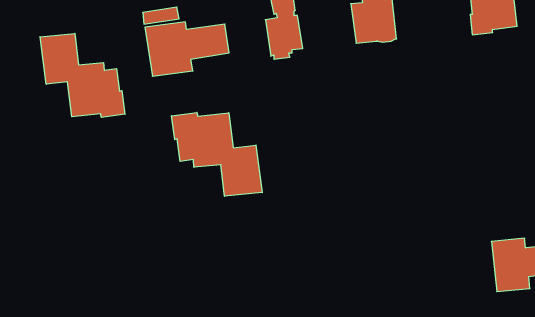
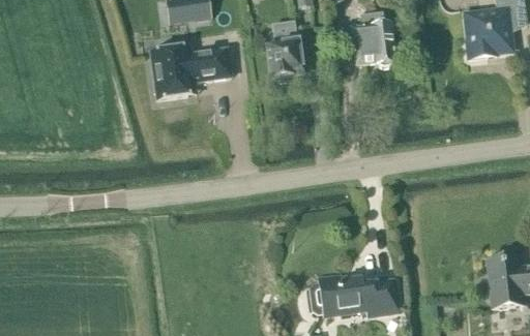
building: [40,33,125,117] -> none
building: [172,112,262,196] -> none
building: none -> [316,275,399,315]

